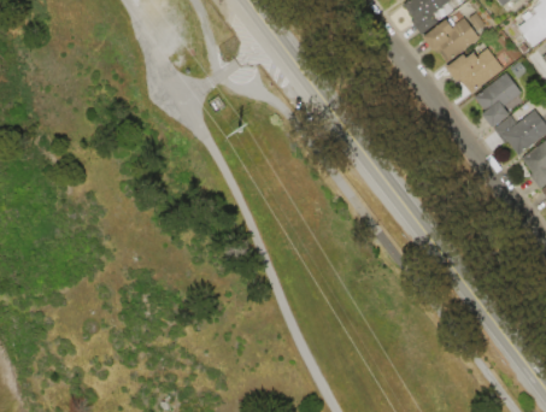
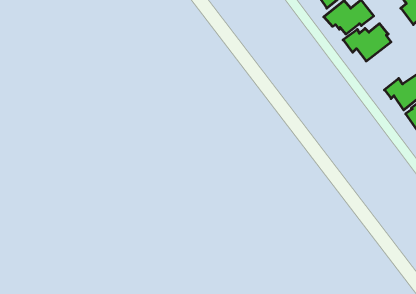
building: [475,73,523,128] -> none

